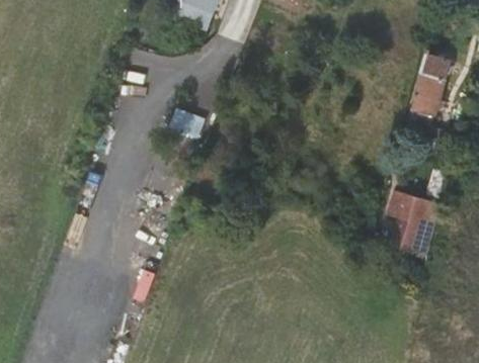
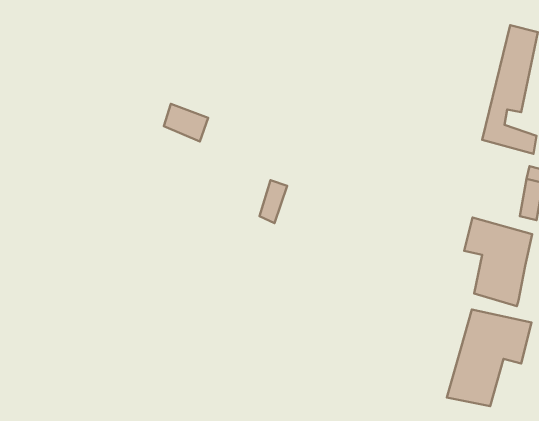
building: none -> [447,310,531,406]

